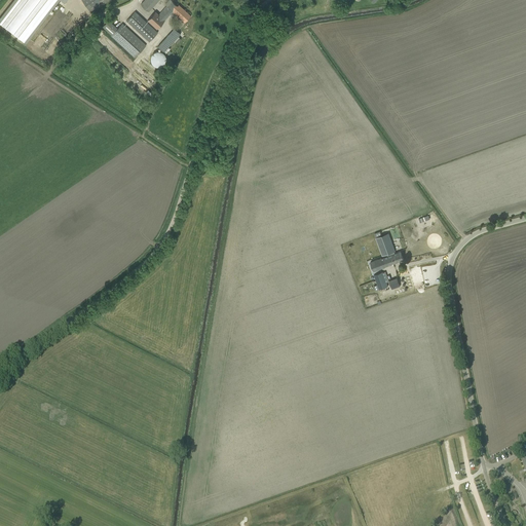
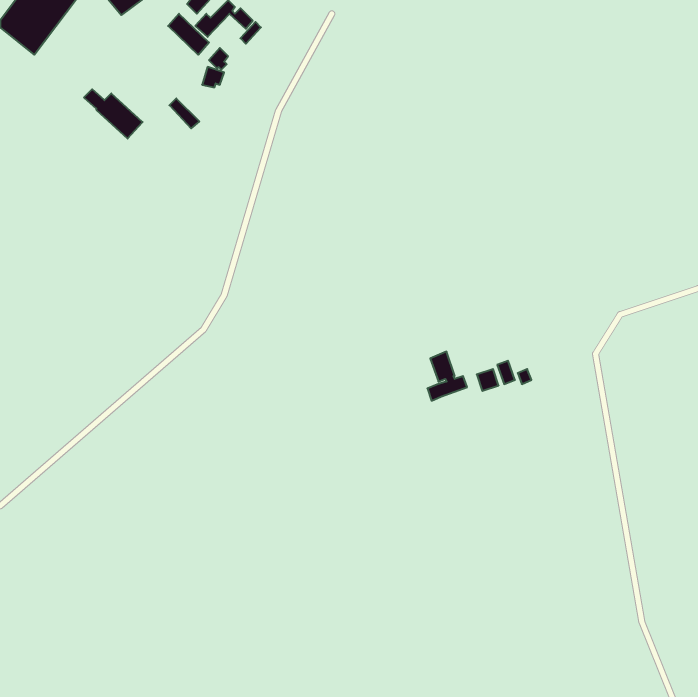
building: [102,20,146,57] -> [84,89,143,139]
building: [374,232,404,269] -> [427,352,467,401]

